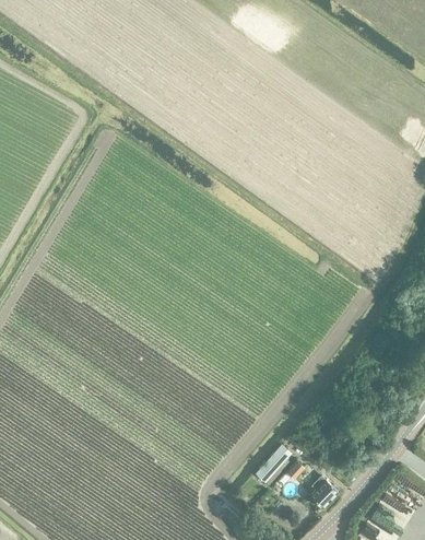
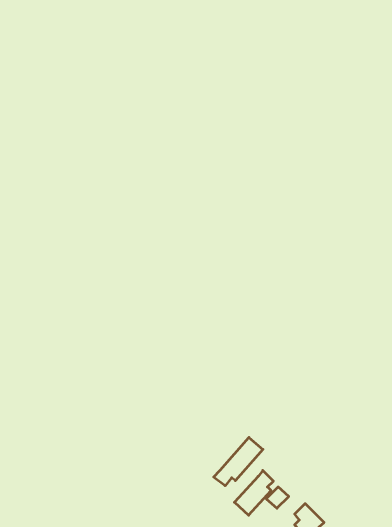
building: none -> [214,437,263,486]

